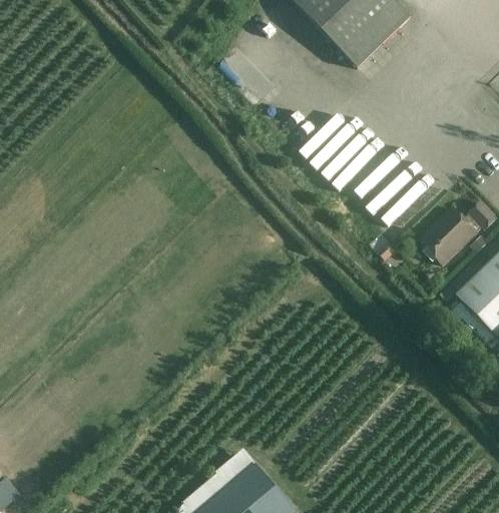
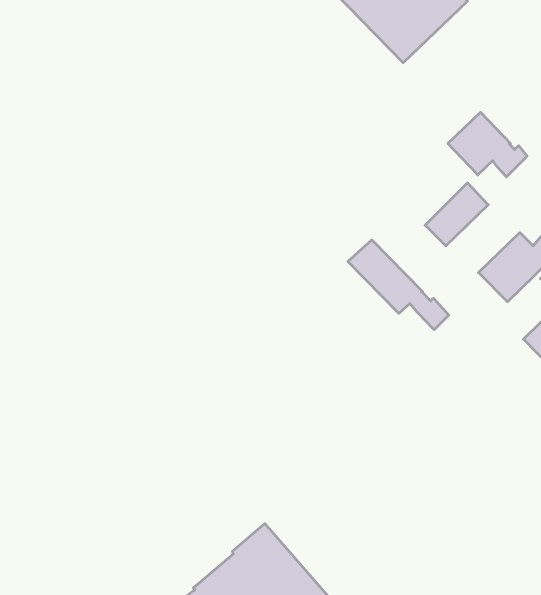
building: none -> [448,112,527,177]
building: none -> [348,240,449,330]

